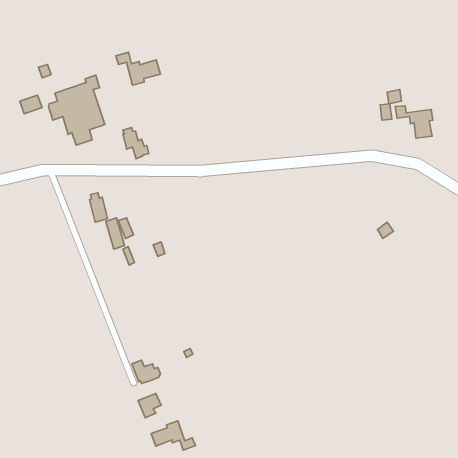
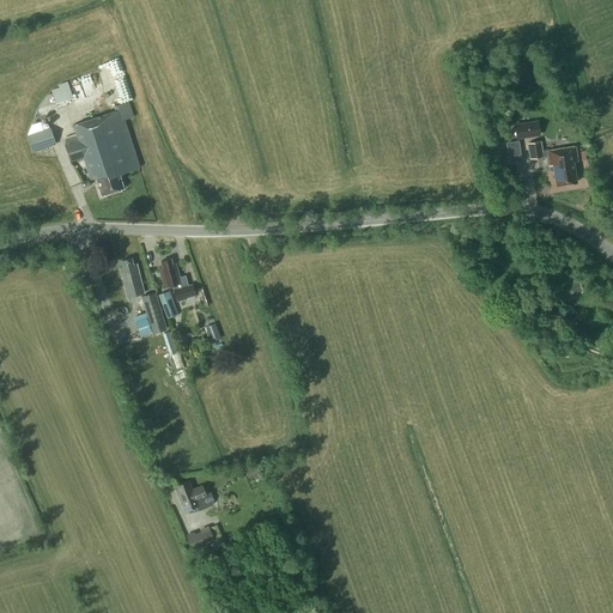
building: [116,52,161,85] -> none
building: [123,127,149,159] -> [159,259,194,301]
building: [151,421,195,450] -> none

